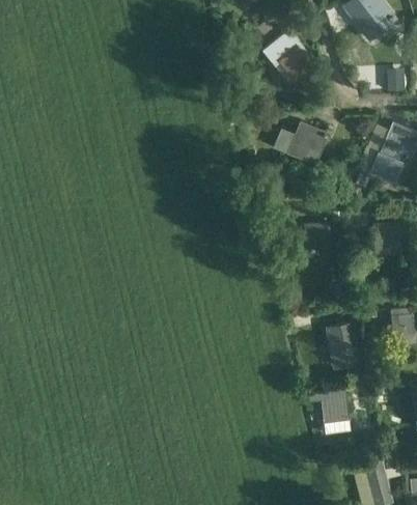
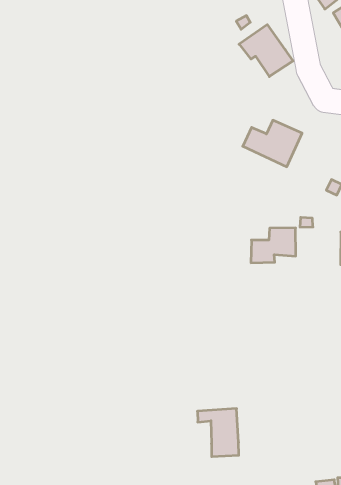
building: [327,322,361,367] -> none
building: [308,387,351,434] -> [197,409,239,457]

